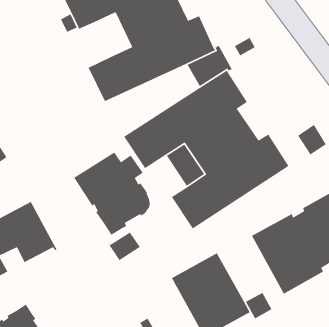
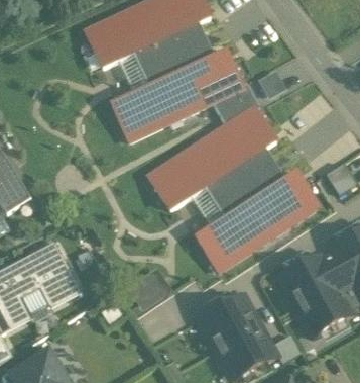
building: none -> [119,49,156,93]
building: [73,152,151,236] -> none

